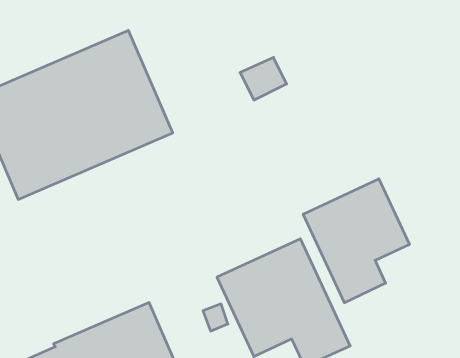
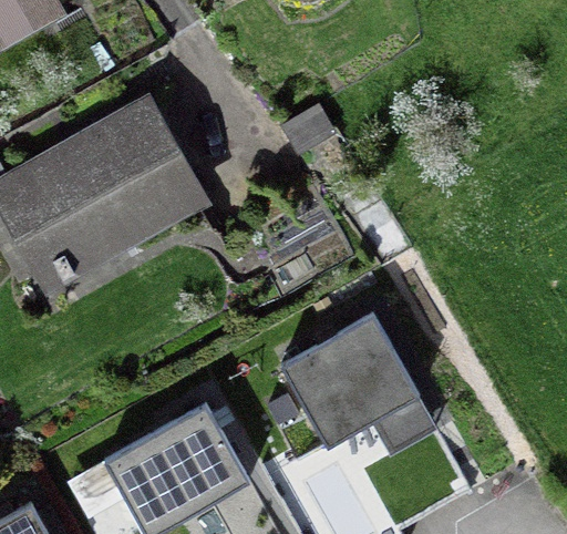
building: [303,179,409,303] -> none

